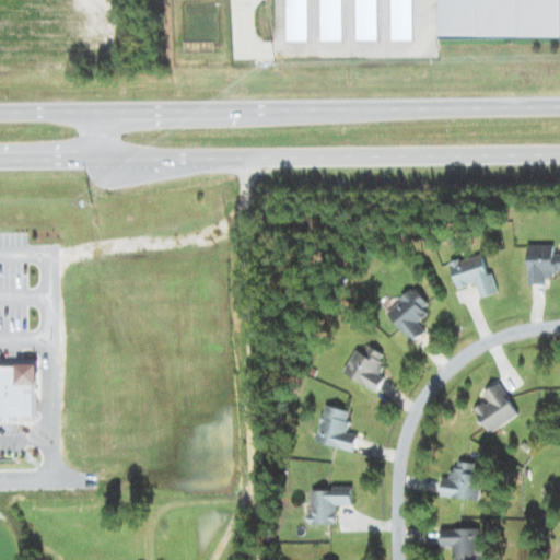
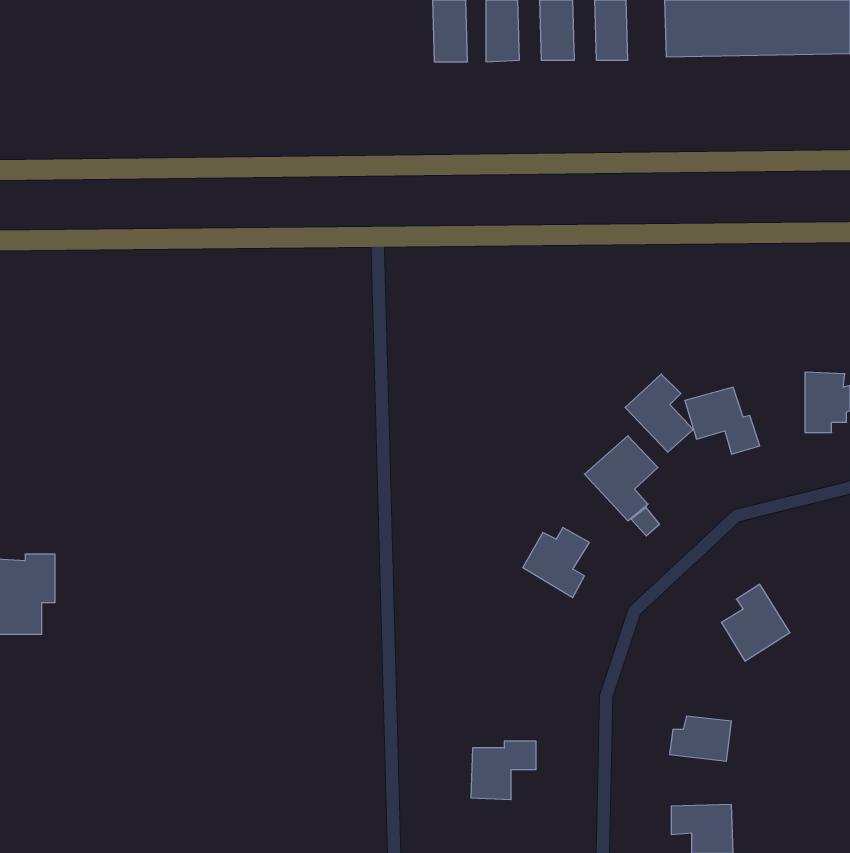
building: none -> [625,374,693,452]
building: [315,405,357,450] -> none

